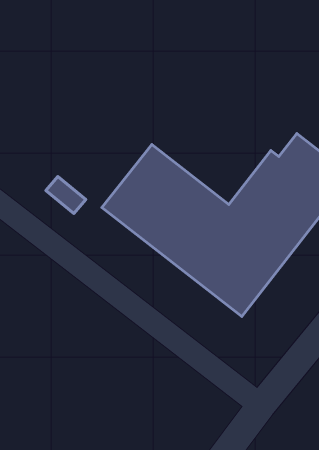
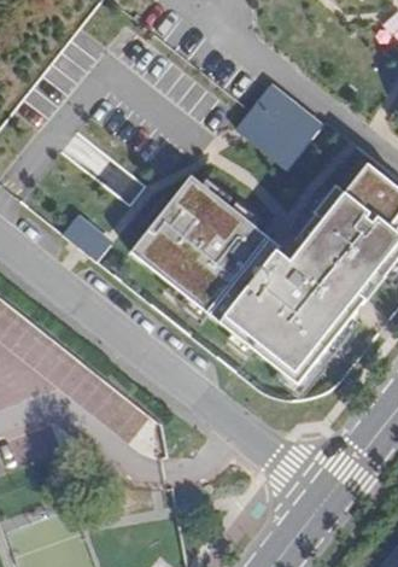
building: none -> [233,84,323,173]

